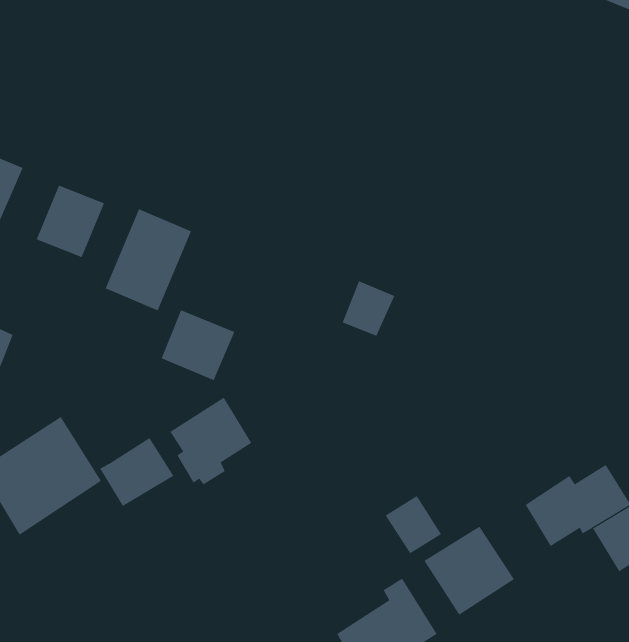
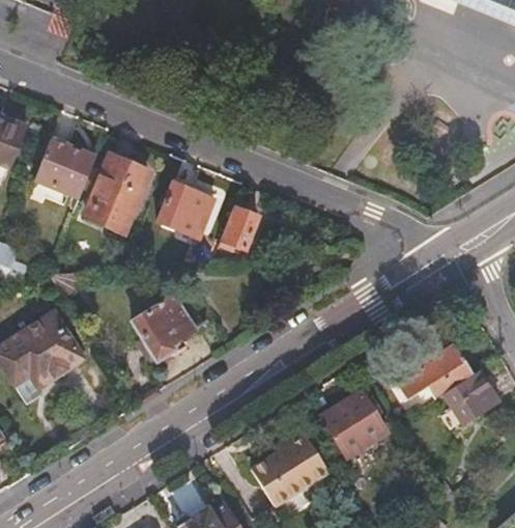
building: [342,280,395,337] -> [219,207,258,249]
building: [161,309,235,381] -> [160,184,214,237]
building: [99,437,174,507] -> none
building: [385,495,442,554] -> none

